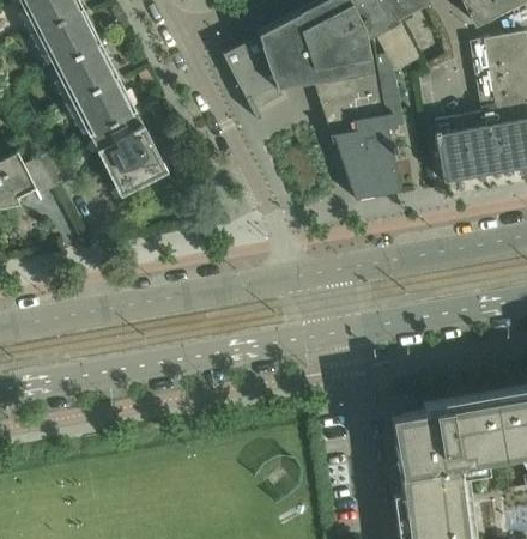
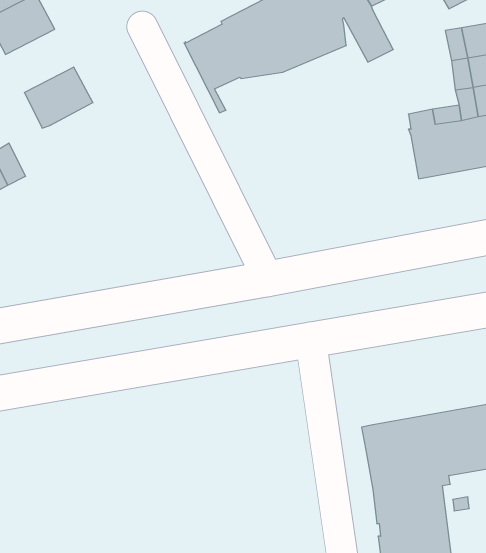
building: [54,41,119,101] -> none
building: [316,55,405,200] -> none
building: [89,113,168,189] -> none

